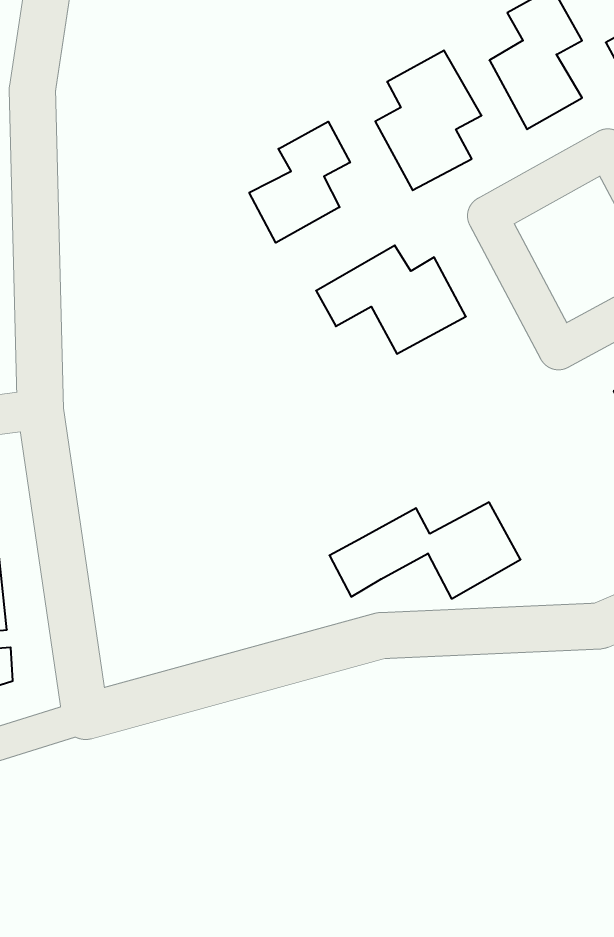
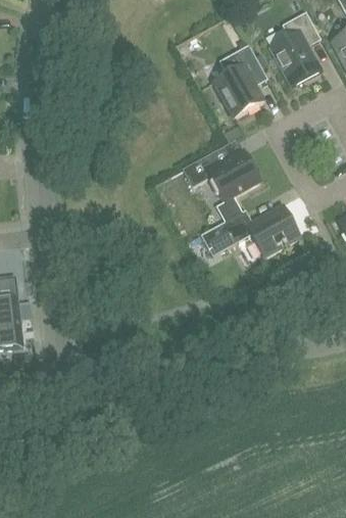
building: [249,122,350,243] -> none
building: [329,502,521,599] -> [200,205,299,255]

